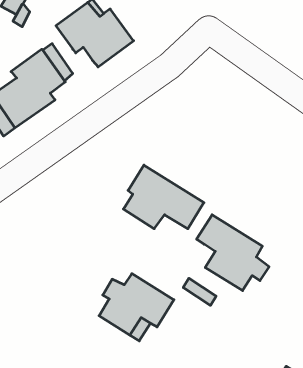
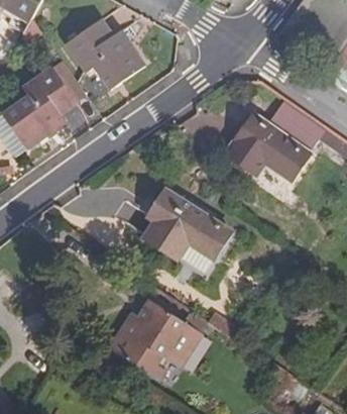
building: none -> [225,99,326,180]
building: [197,215,269,291] -> none

